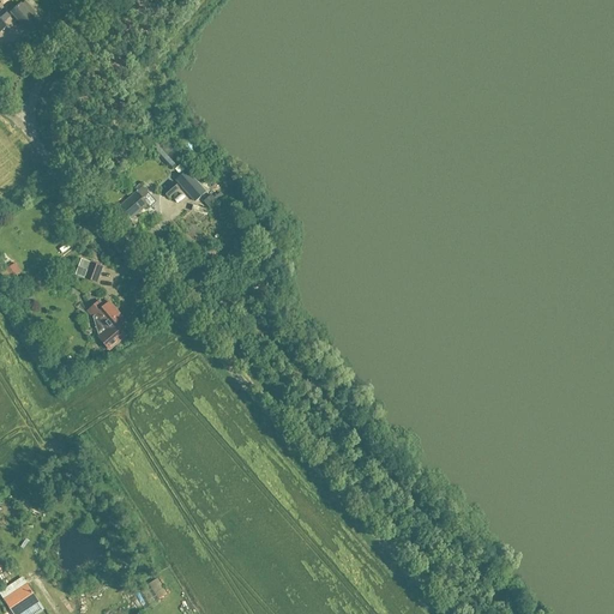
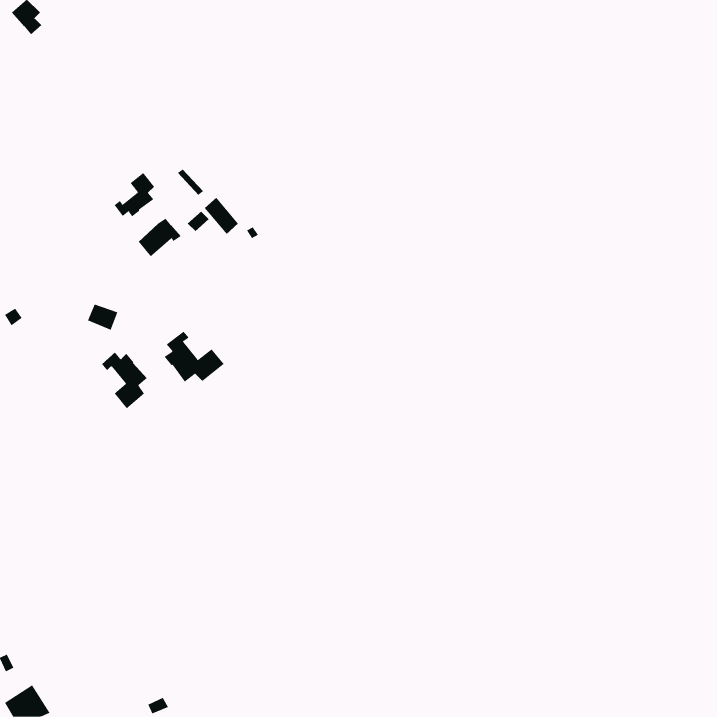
building: none -> [114,172,155,217]
building: none -> [164,331,224,383]

